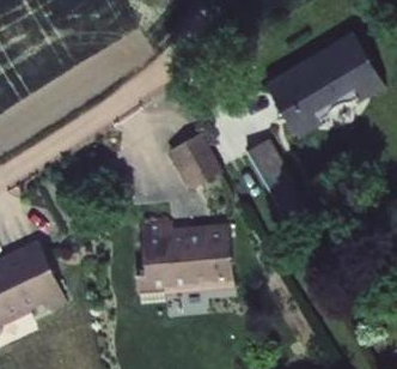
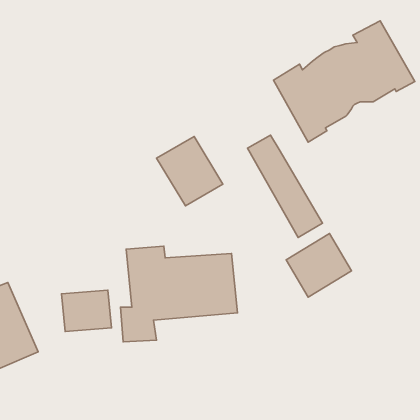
building: none -> [286,233,351,297]
building: none -> [62,290,111,331]

